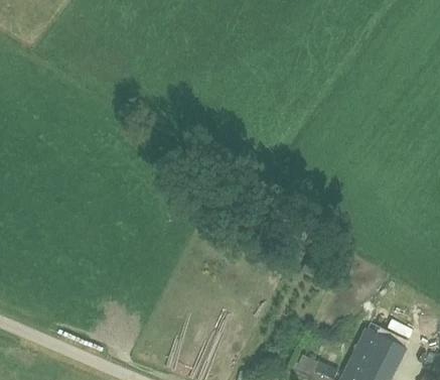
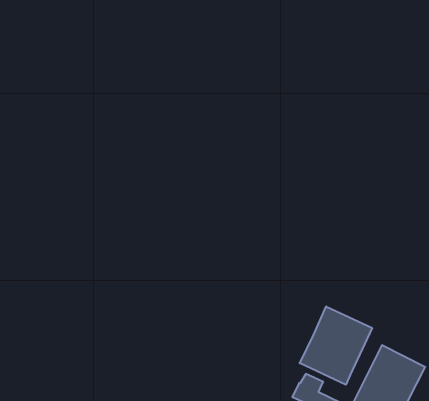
building: none -> [300,306,372,385]

